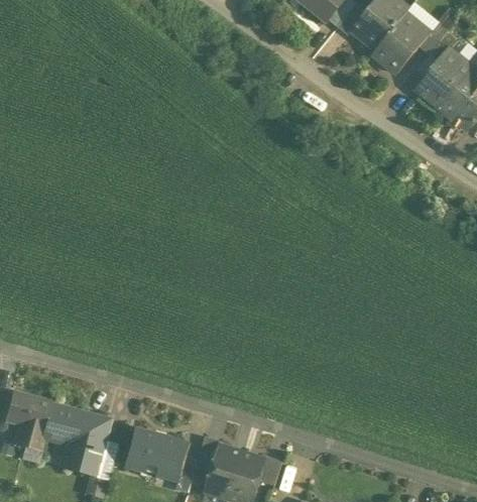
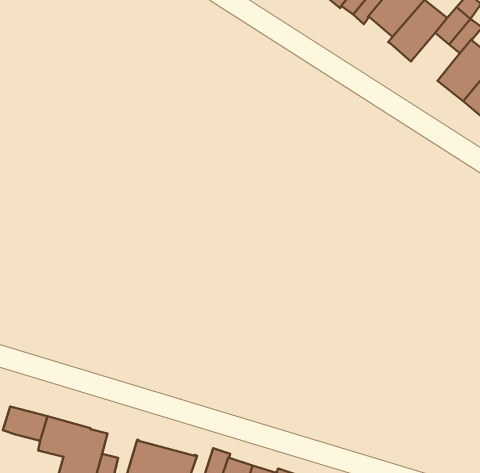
building: [14,423,43,452] -> none

